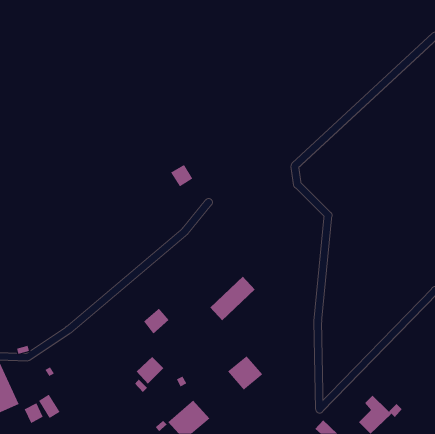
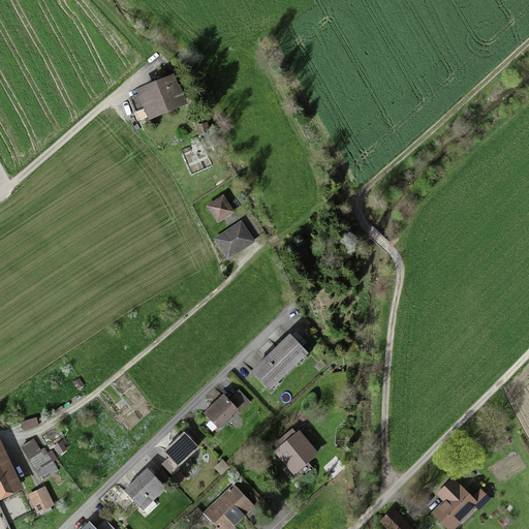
building: none -> [136,82,186,126]
building: none -> [214,225,253,261]
building: [143,308,170,334] -> [206,395,238,427]
building: none -> [124,468,165,508]
building: [38,394,60,419] -> [21,439,48,469]

